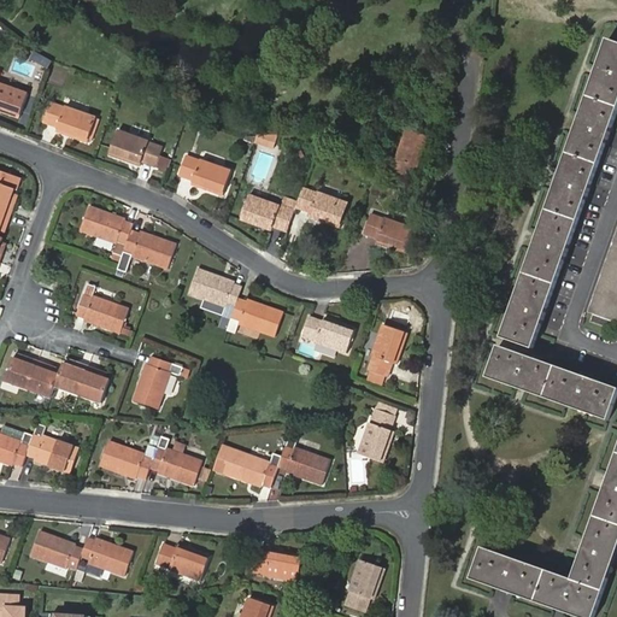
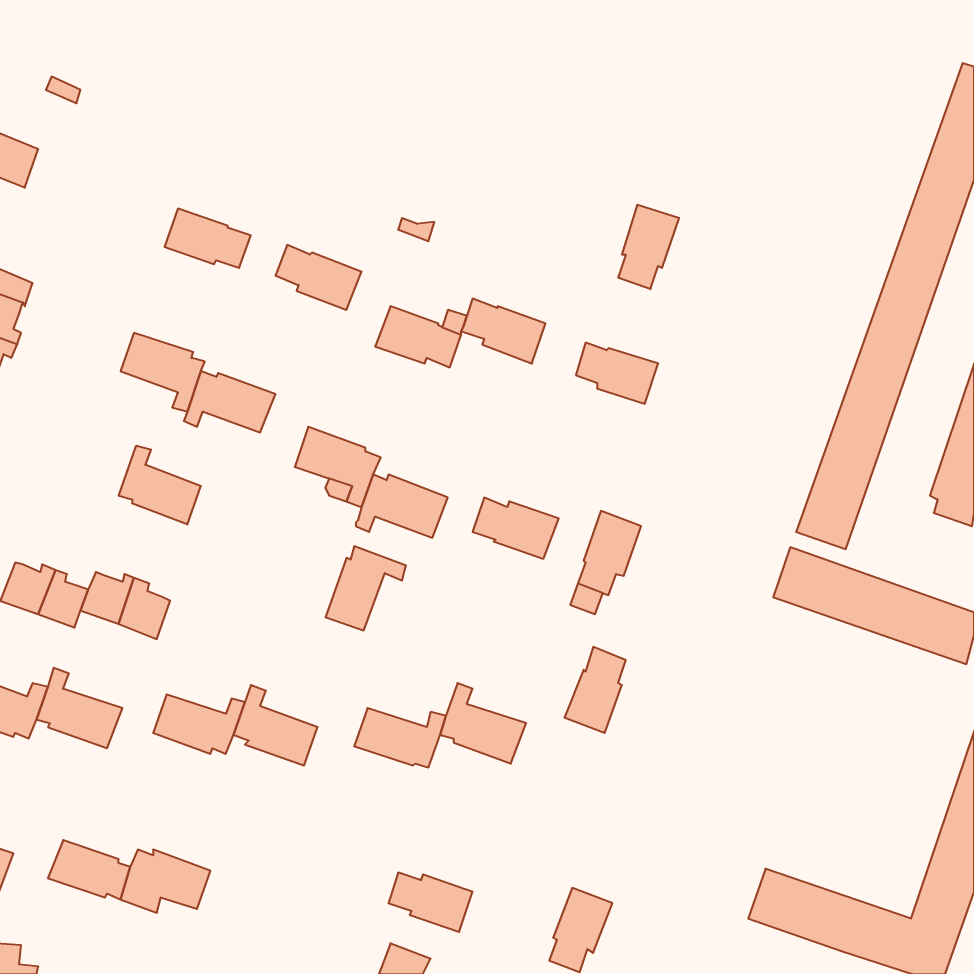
building: [37,102,93,143] -> none
building: [131,358,182,411] -> [325,546,406,630]
building: [155,540,208,578] -> none

